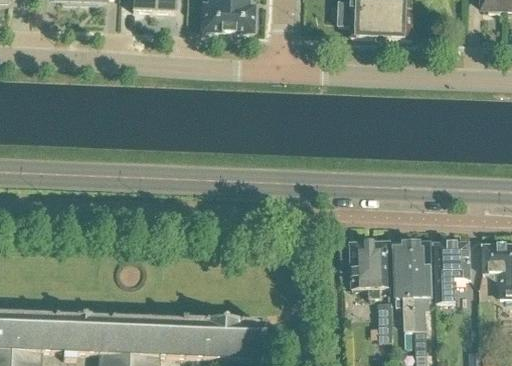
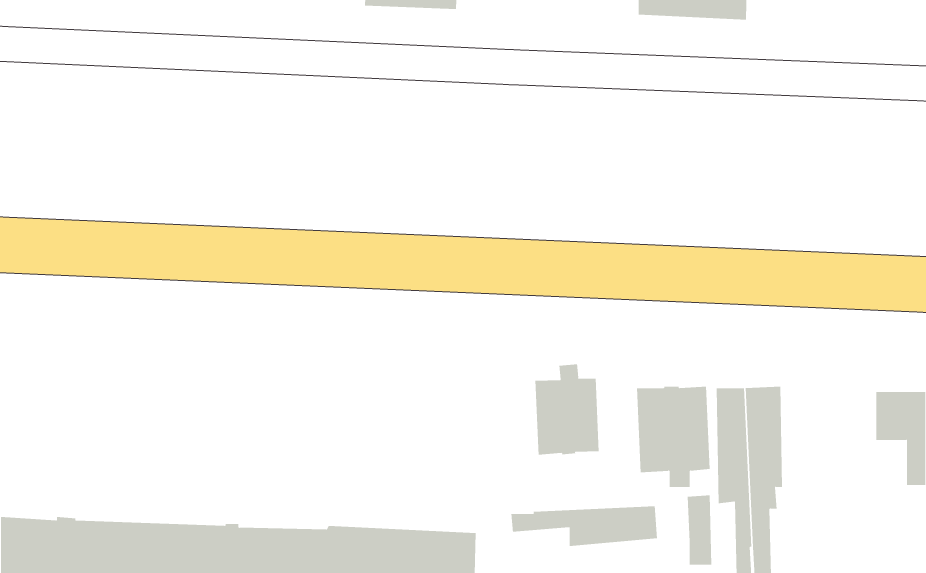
building: none -> [535,364,599,456]
building: [435,241,471,301] -> none
building: none -> [511,505,658,547]

